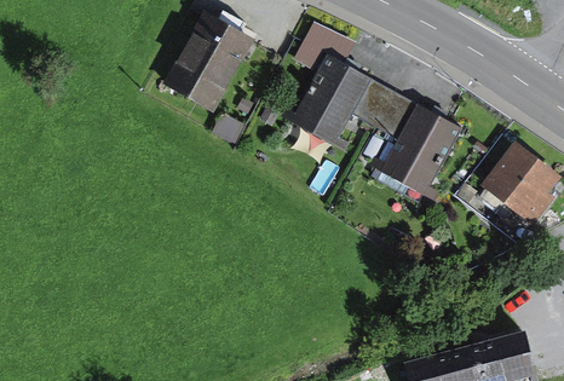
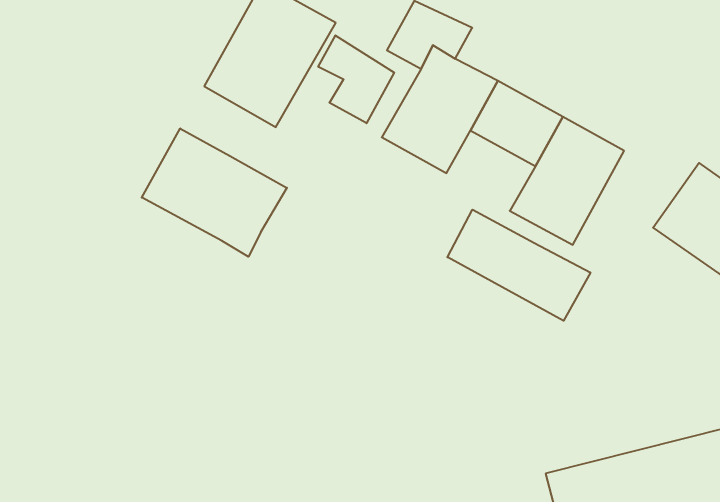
building: none -> [318,35,394,123]
building: none -> [142,128,287,257]
building: none -> [447,210,590,321]

